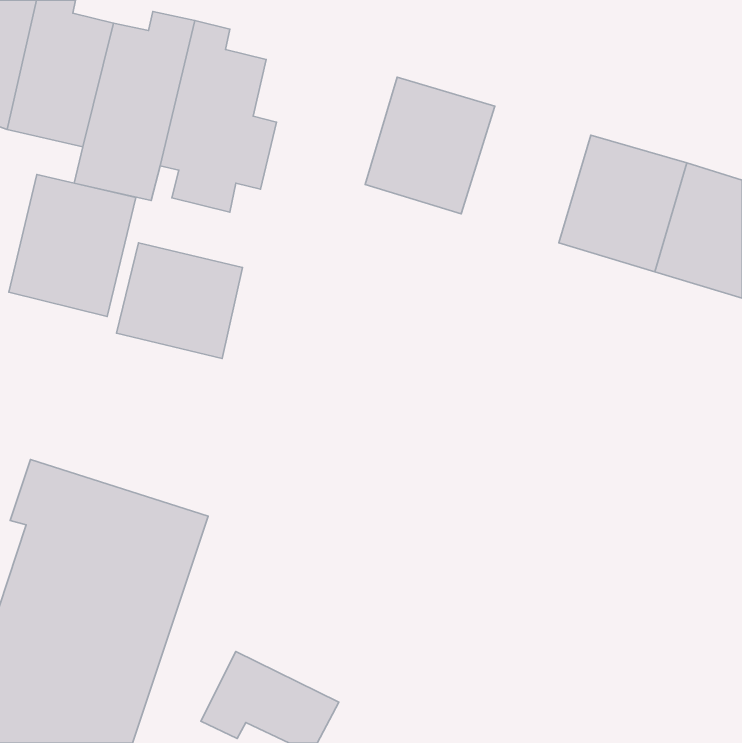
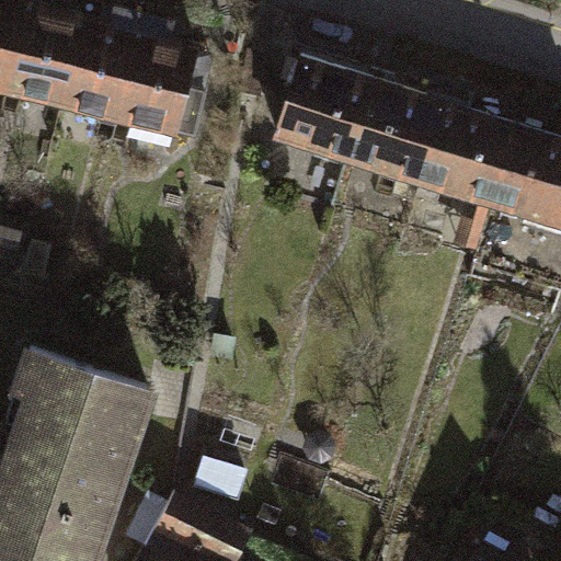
building: none -> [347,80,445,183]
building: [9,175,136,316] -> none
building: [117,243,243,359] -> none

